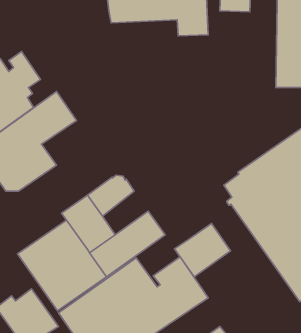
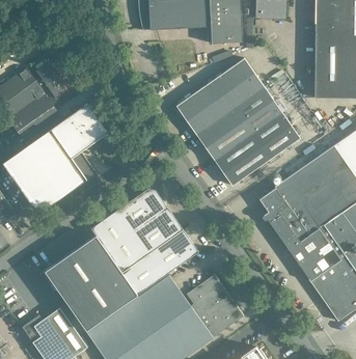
building: none -> [176,58,300,186]
building: none -> [133,205,181,251]
building: [174,224,231,277] -> none

